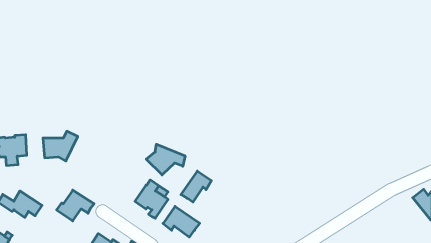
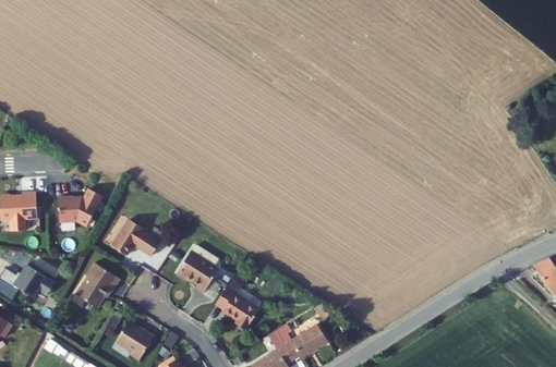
building: [146,144,185,175] -> none
building: none -> [106,217,154,256]
building: [181,171,211,202] -> none

